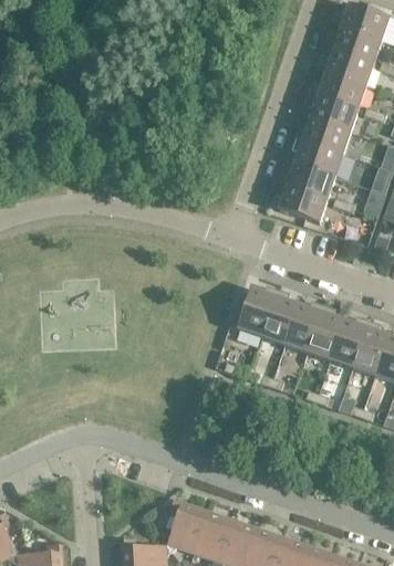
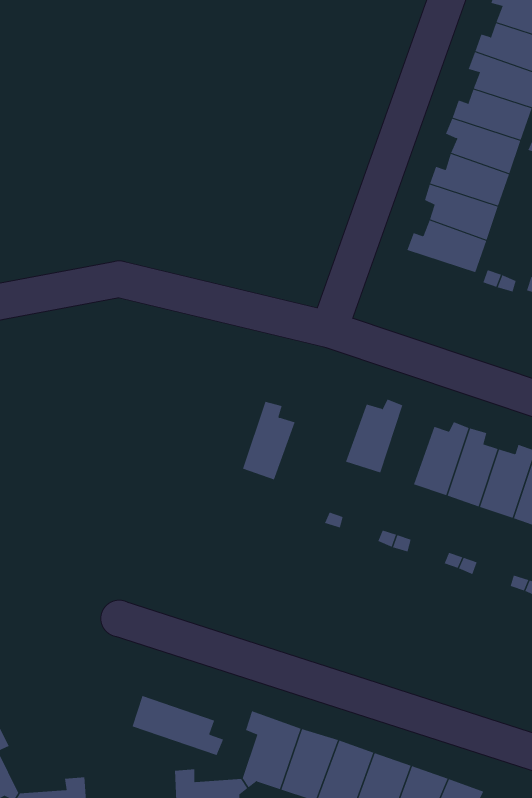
building: [276,185,326,224] -> none
building: [261,291,298,345] -> [242,401,295,480]
building: none -> [132,695,224,756]

